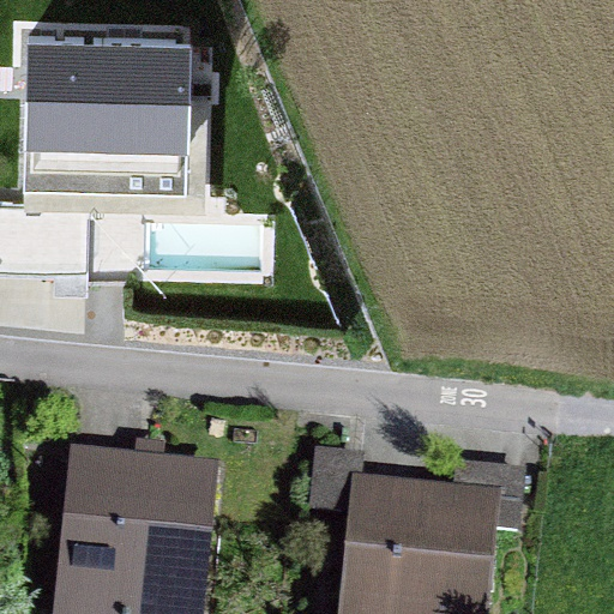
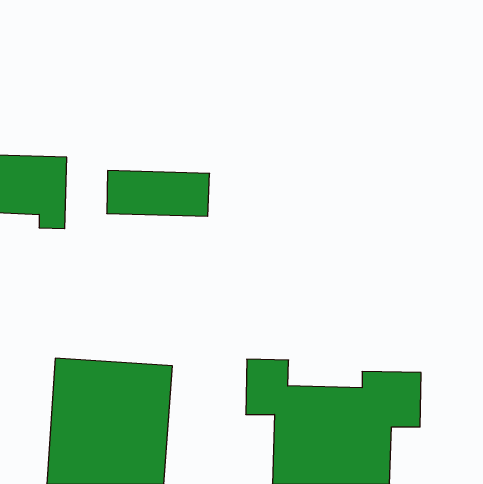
building: [20,32,186,187] -> none

